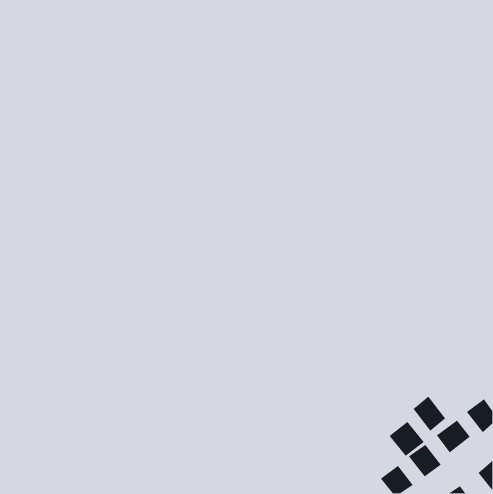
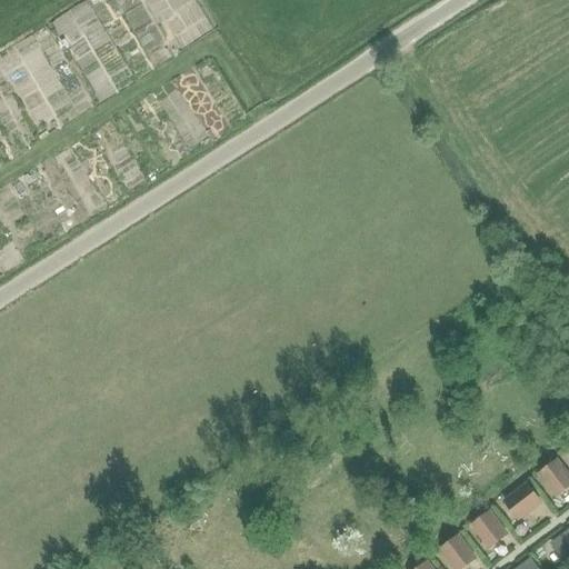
building: [412,396,446,432] -> none
building: [388,421,425,457] -> none

